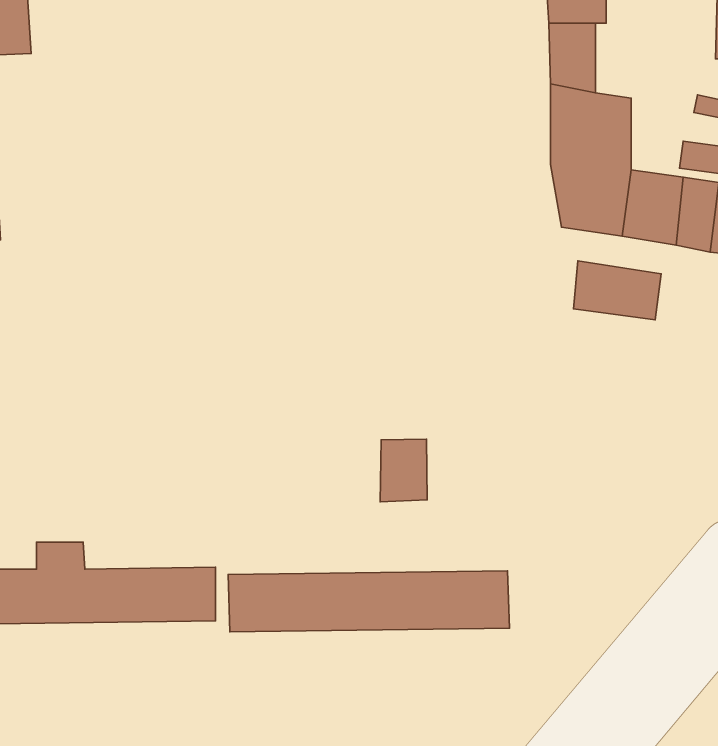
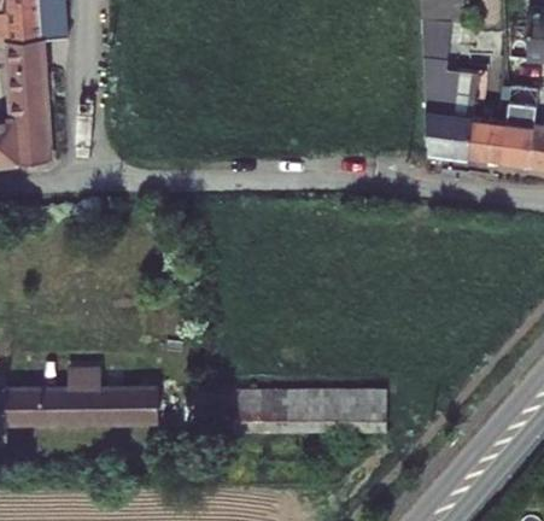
building: [574,261,661,320] -> none
building: [380,439,427,502] -> none

